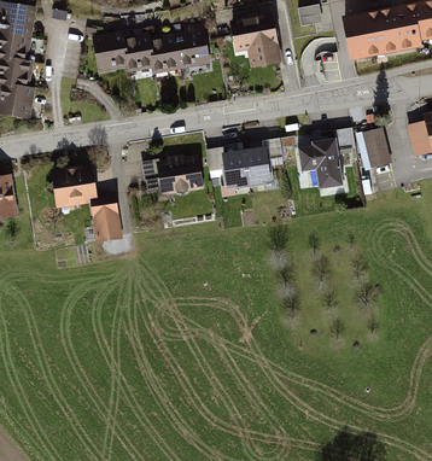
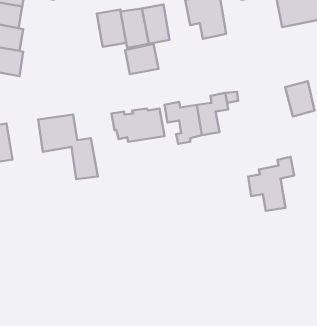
building: [93,33,127,72] -> none
building: none -> [125,44,158,74]
building: [298,127,355,193] -> [248,157,294,211]

